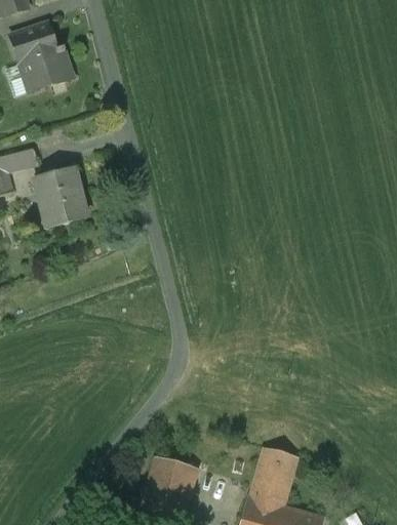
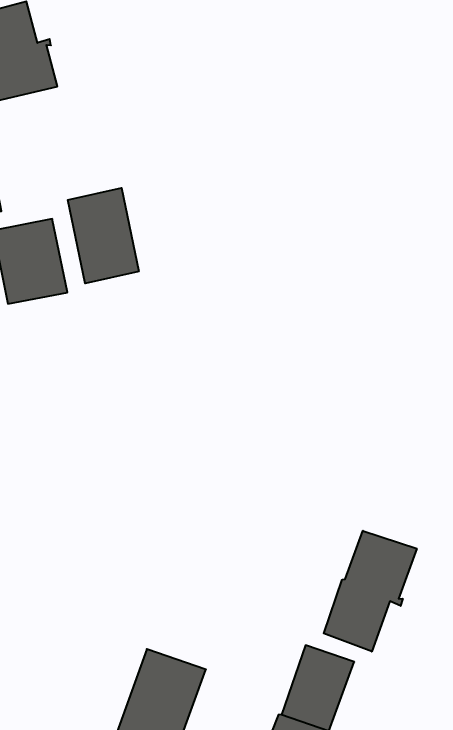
building: none -> [68,188,139,283]
building: none -> [324,531,417,652]

